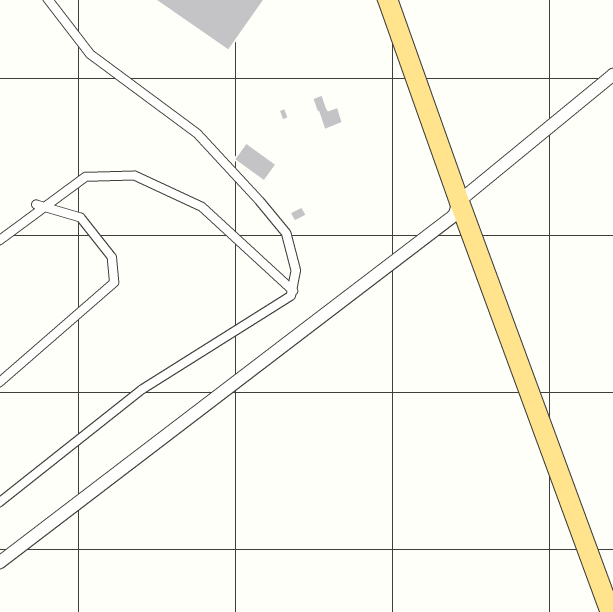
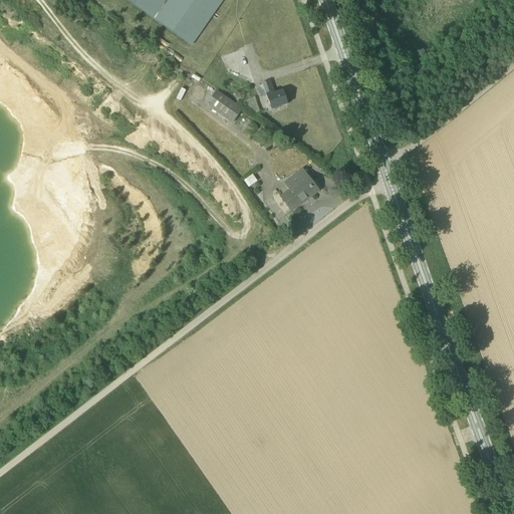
building: [234,143,276,181] -> [206,89,241,121]
building: none -> [280,168,315,210]

